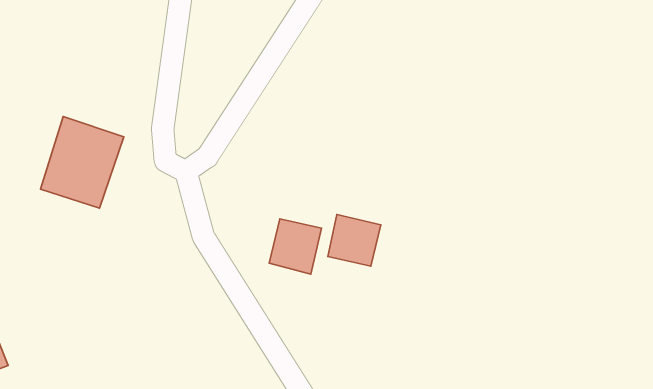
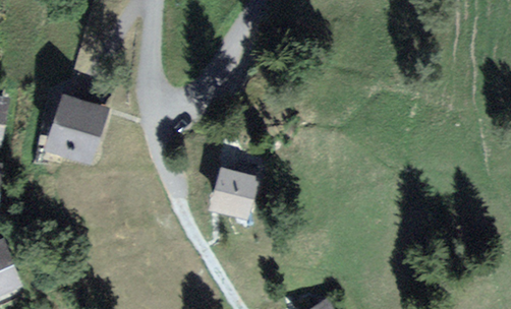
building: [328,215,381,266] -> none

